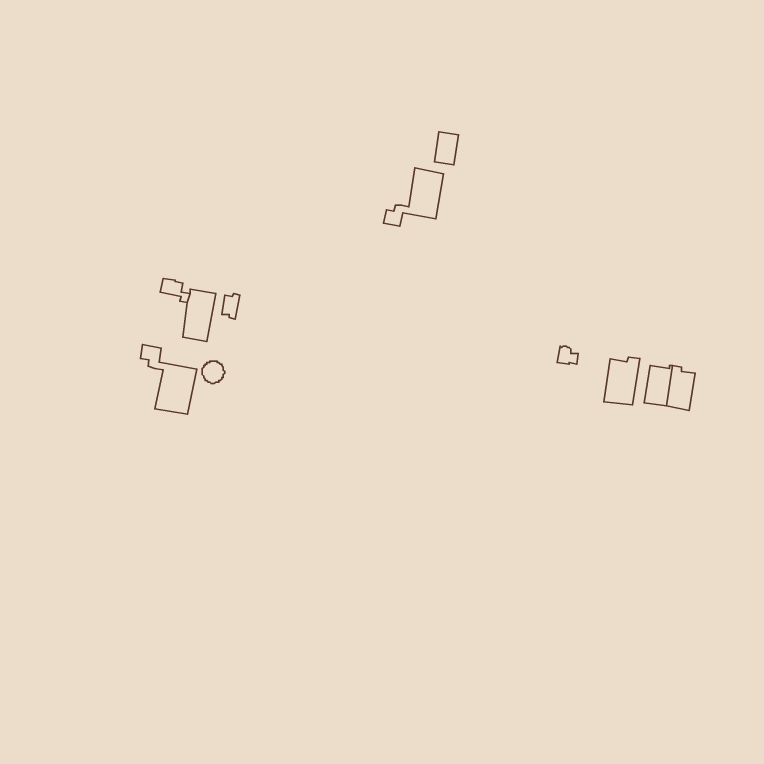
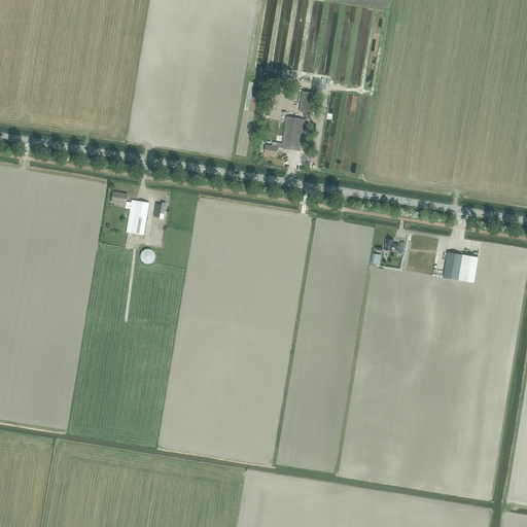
building: [140,345,197,414] -> none
building: [604,357,640,405] -> none

